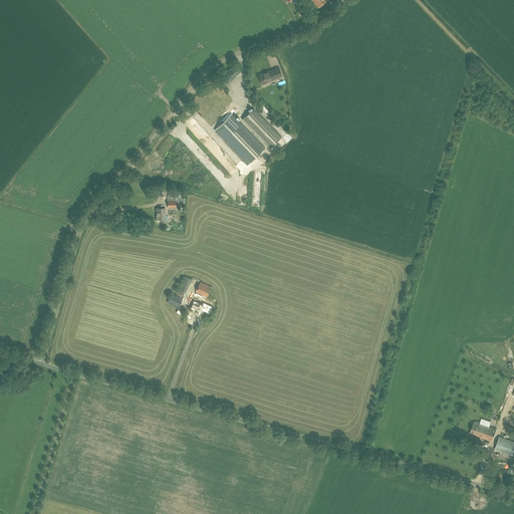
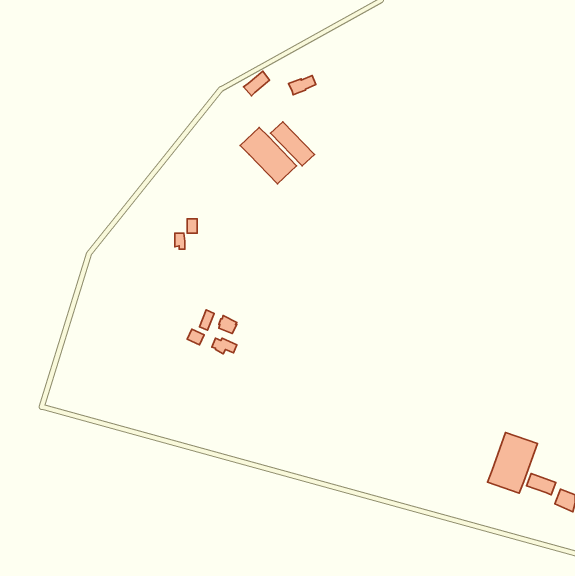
building: none -> [487,432,537,493]

